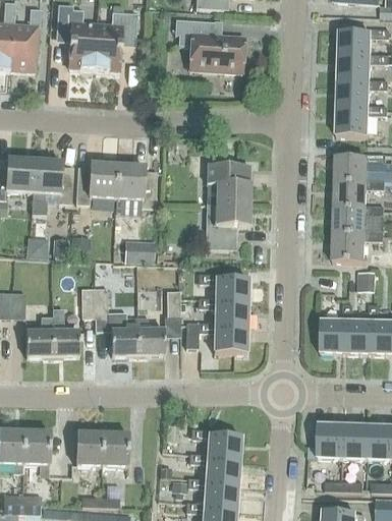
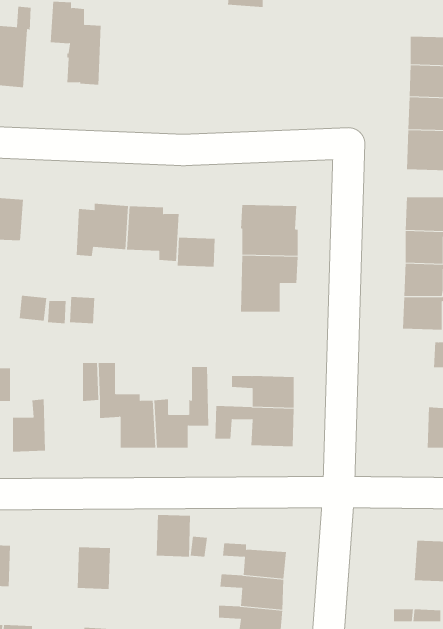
building: [94,12,136,71] -> none
building: [174,19,243,72] -> none
building: [31,160,73,215] -> none
building: [124,240,155,264] -> [177,237,216,267]
building: [198,273,248,299] -> none
building: [320,305,353,355] -> none
building: [51,308,79,357] -> none
building: [316,426,343,459] -> none
building: [23,431,50,464] -> none
building: [102,433,129,467] -> [156,514,191,557]

